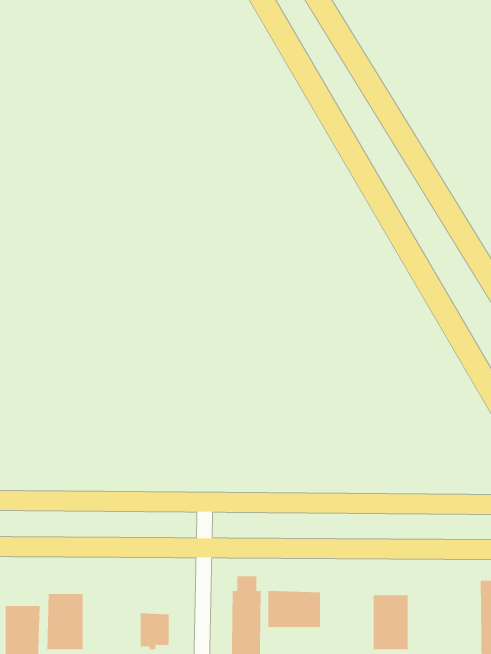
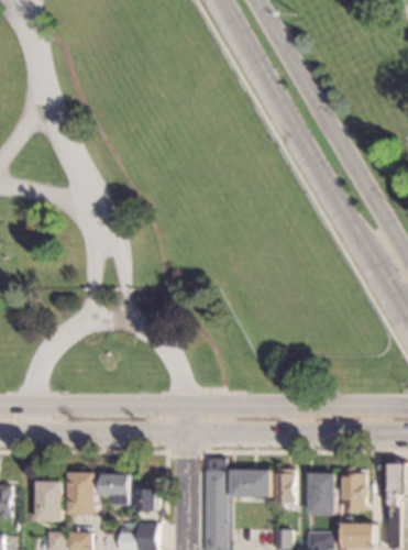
building: none -> [342,468,365,512]
building: none -> [273,469,293,505]
building: none -> [100,473,129,505]

